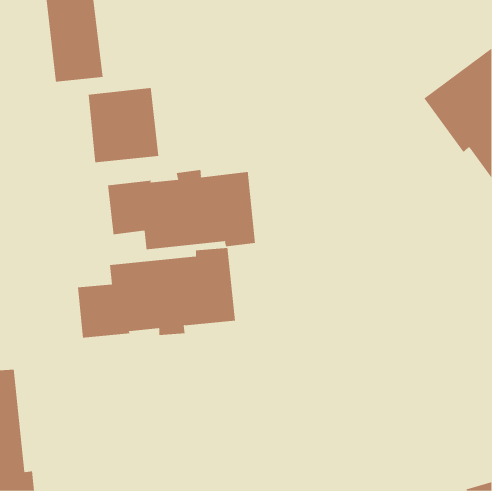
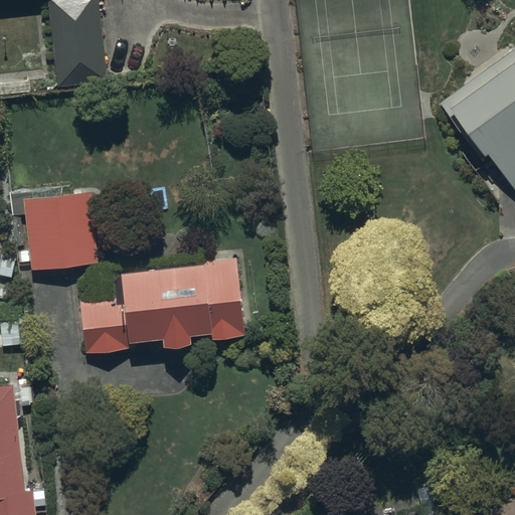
building: [88,88,159,163] -> [24,191,99,270]
building: [107,169,256,250] -> none

